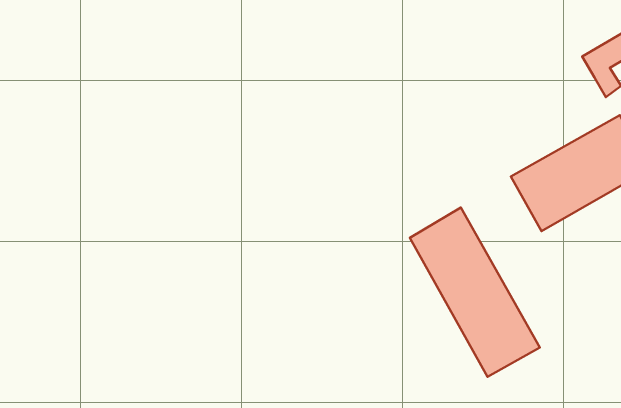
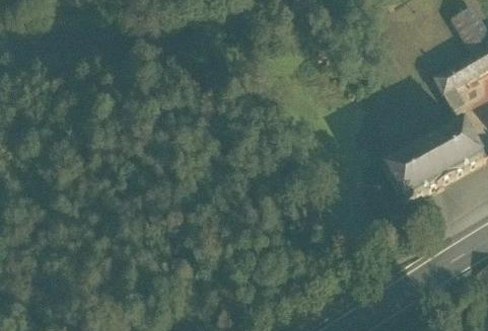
building: [410,207,540,377] -> none

